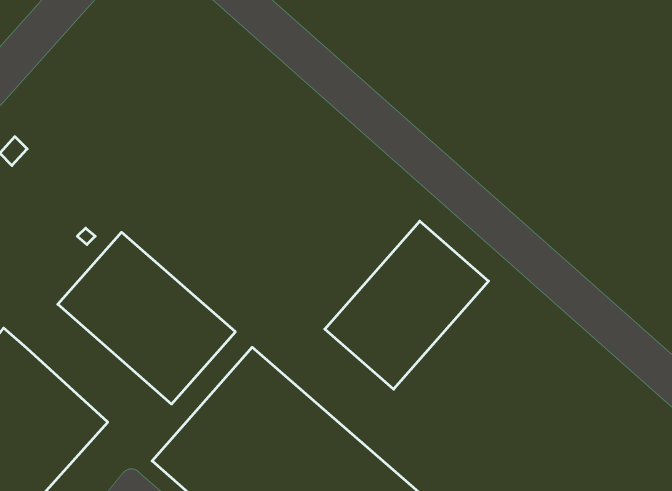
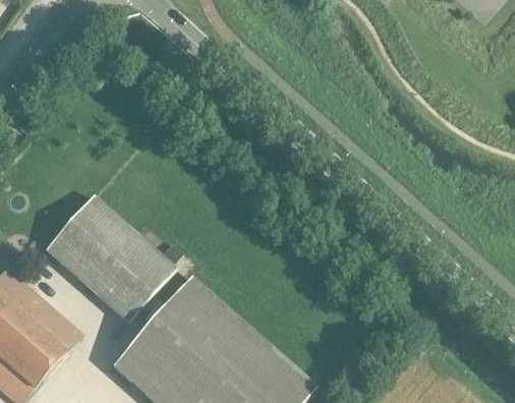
building: [325,221,489,389] -> none

